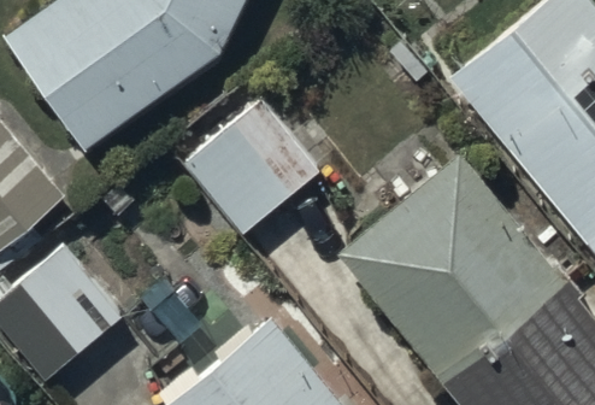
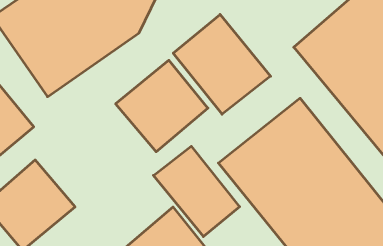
building: none -> [173,14,271,114]
building: none -> [153,146,240,237]

